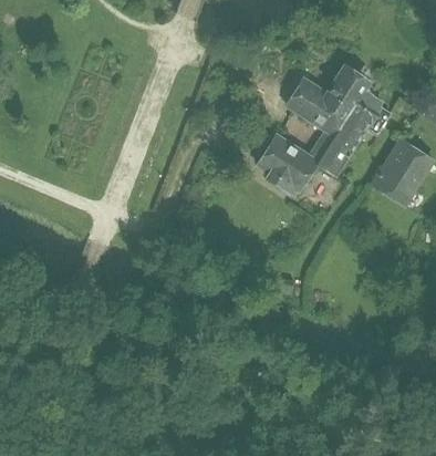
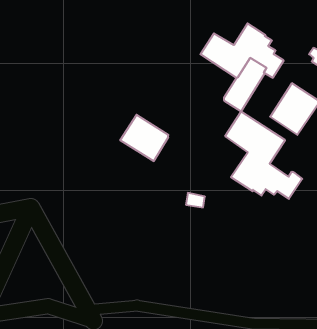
building: [256,134,314,190] -> [120,115,168,161]
building: none -> [225,111,302,199]

